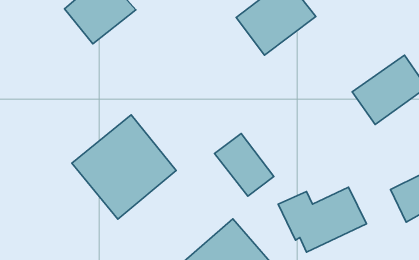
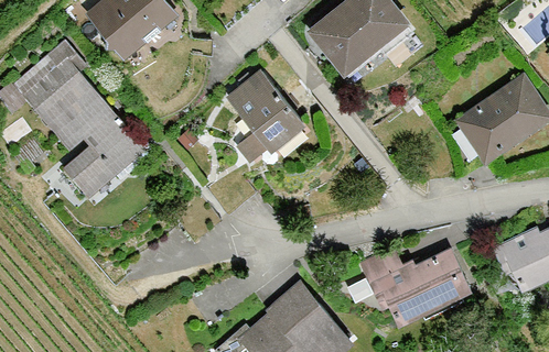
building: none -> [9,46,144,197]
building: [72,115,176,219] -> none
building: [215,134,274,196] -> [226,70,302,151]

